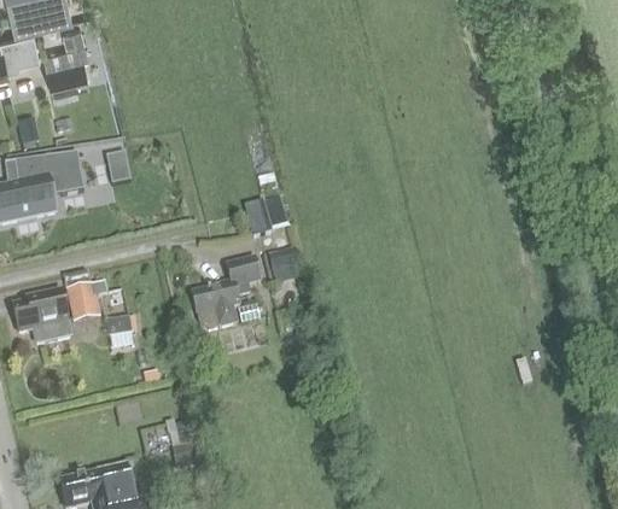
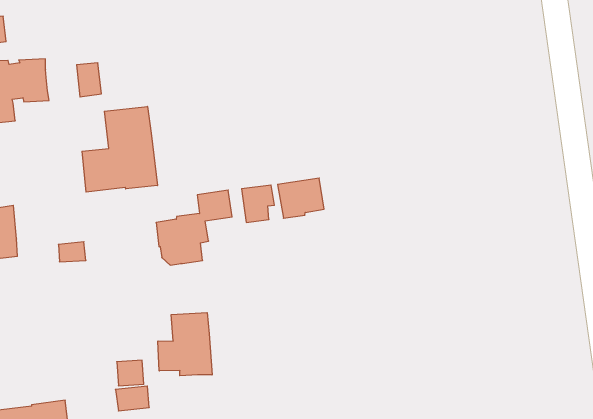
building: none -> [82,106,157,192]
building: [243,195,287,235] -> [278,178,324,218]
building: [65,280,101,322] -> none
building: none -> [158,313,212,376]

